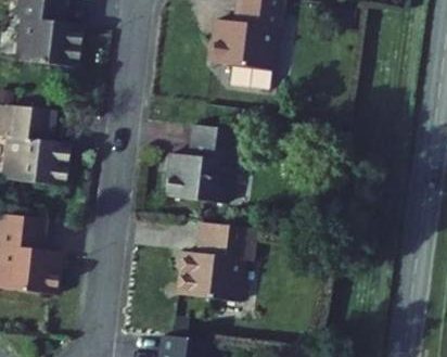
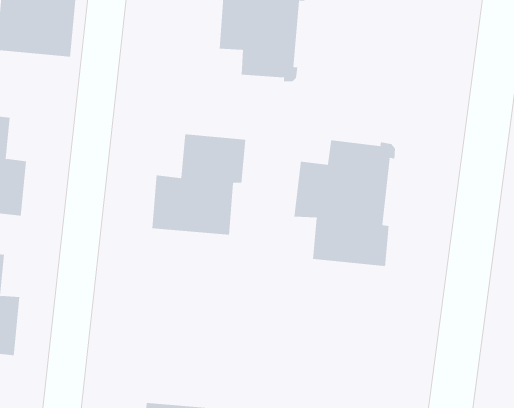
building: none -> [294,140,395,267]
building: [168,225,243,302] -> none

